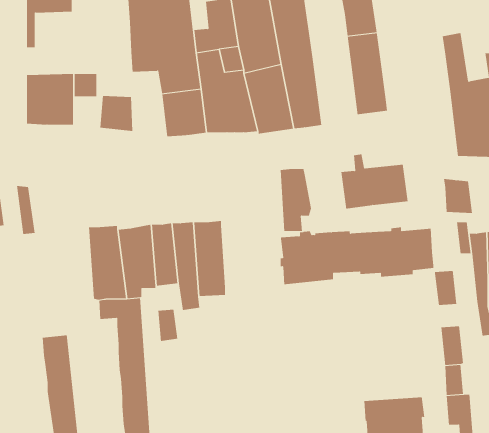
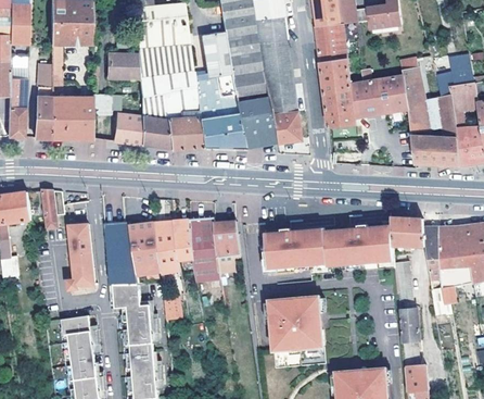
building: none -> [109,51,139,77]
building: none -> [35,62,51,137]
building: none -> [140,92,169,148]
building: [340,154,409,209] -> [351,70,408,116]
building: [280,168,312,232] -> [216,222,243,275]
building: [443,179,473,213] -> [392,217,417,247]
building: none -> [67,225,92,291]
building: none -> [269,295,323,350]

